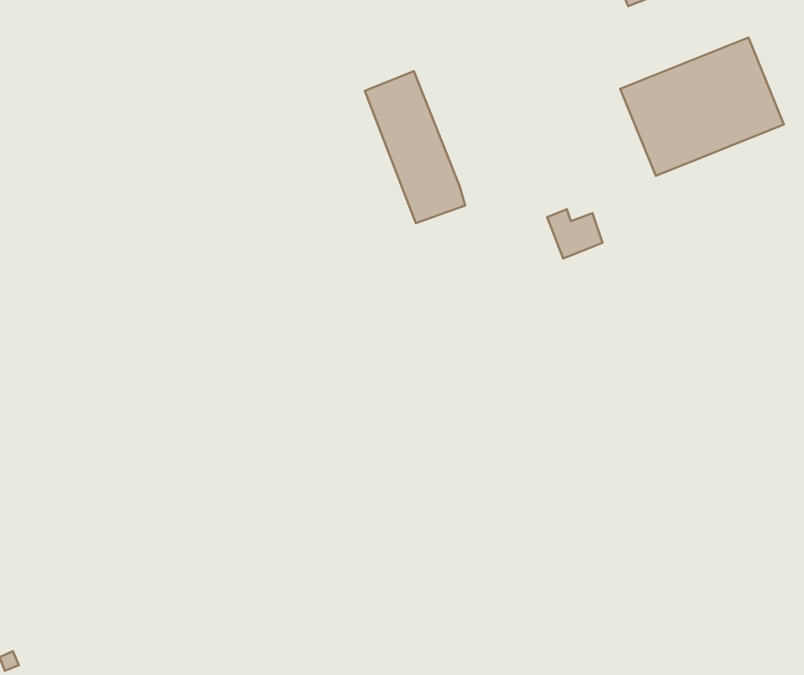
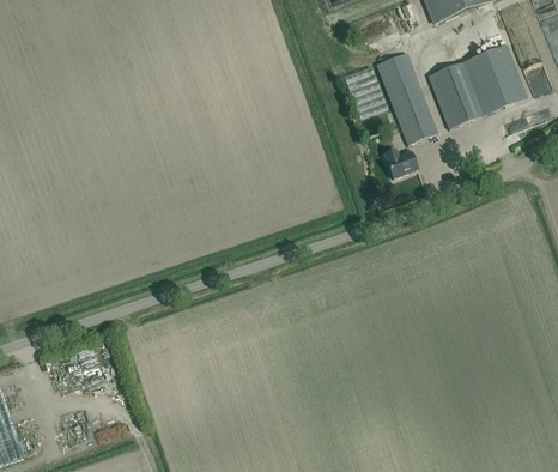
building: [365,71,465,223] -> [376,50,437,143]

